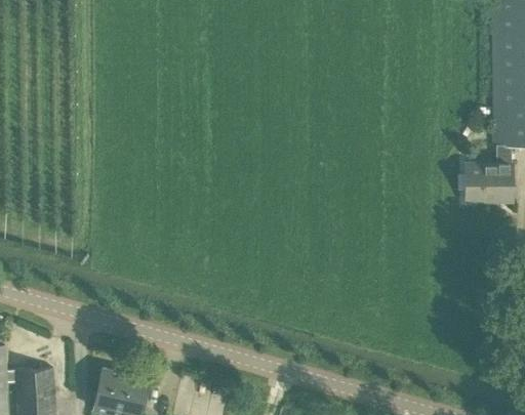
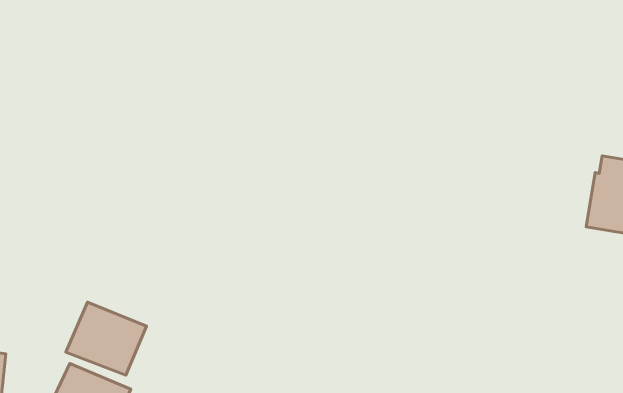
building: none -> [66,302,146,375]

